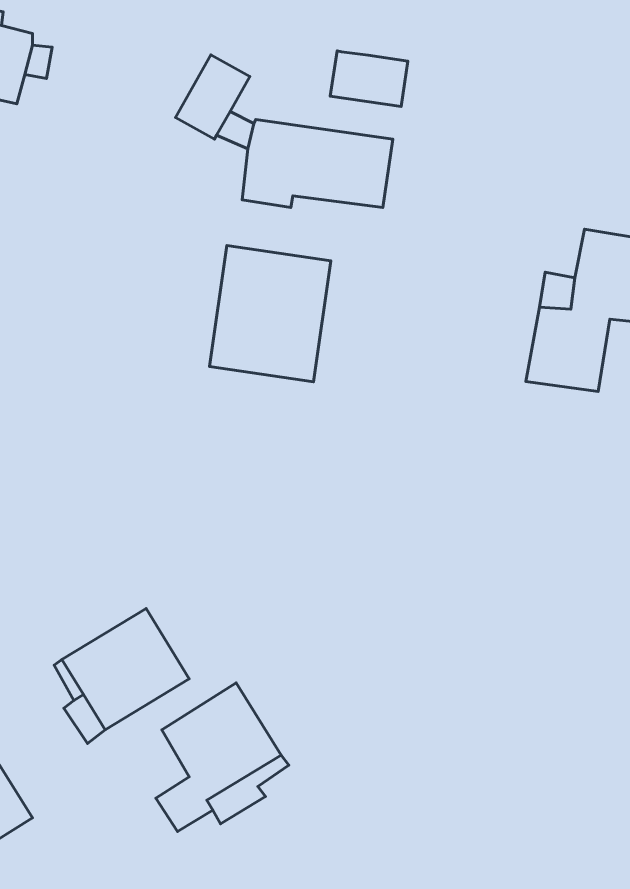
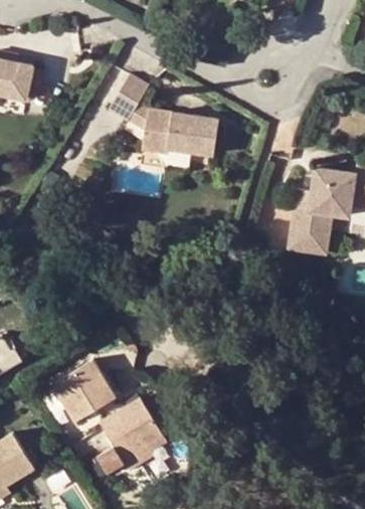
building: [330,51,408,106] -> none
building: [209,246,331,382] -> none

